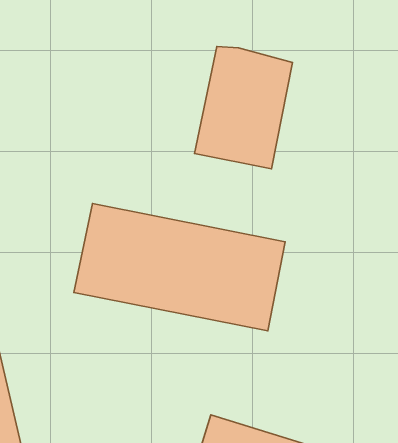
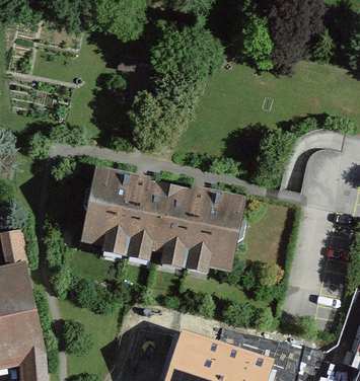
building: [194,47,292,169] -> none

